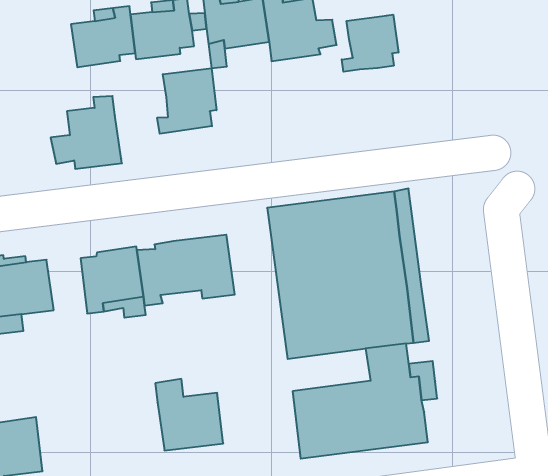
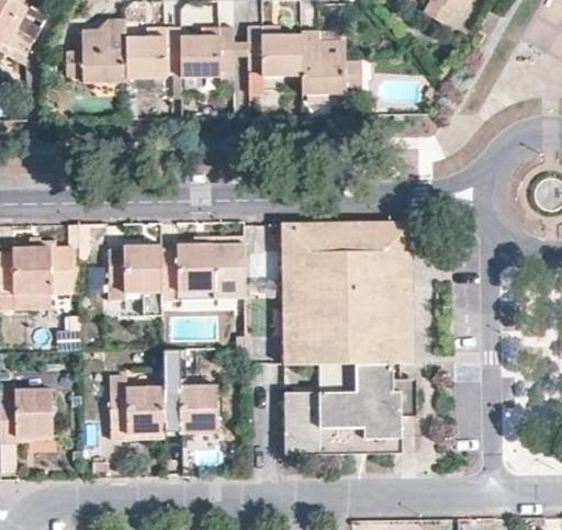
building: [342,15,398,72] -> none
building: [157,68,216,134] -> none
building: [51,96,122,169] -> [65,19,126,81]
building: none -> [111,375,164,440]

